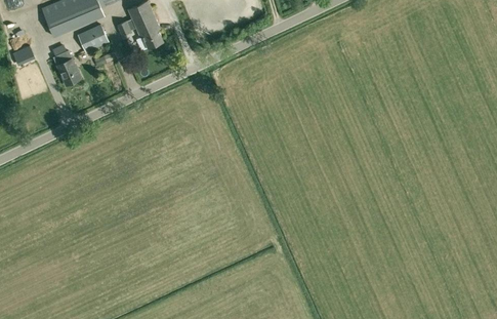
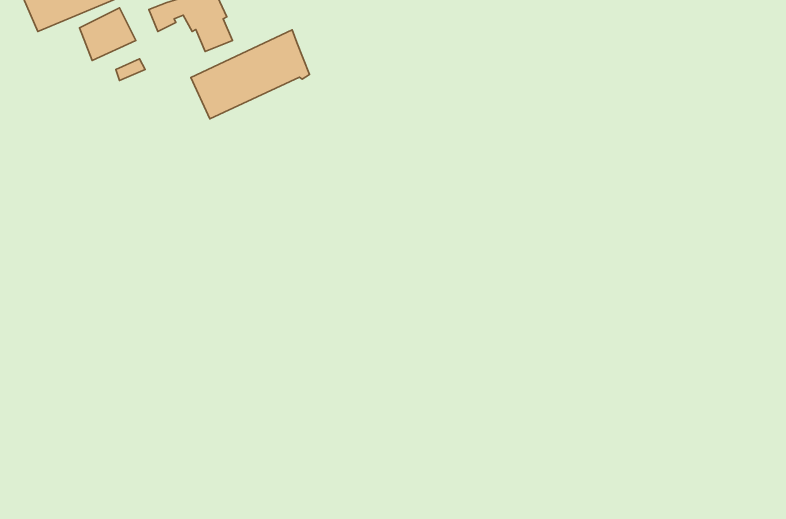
building: none -> [191,30,310,119]
building: [52,50,80,85] -> none

